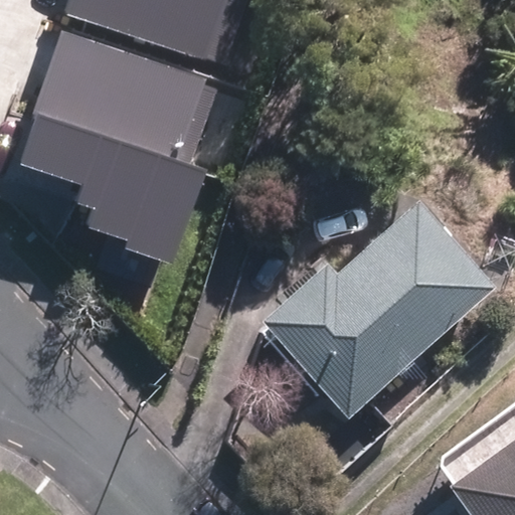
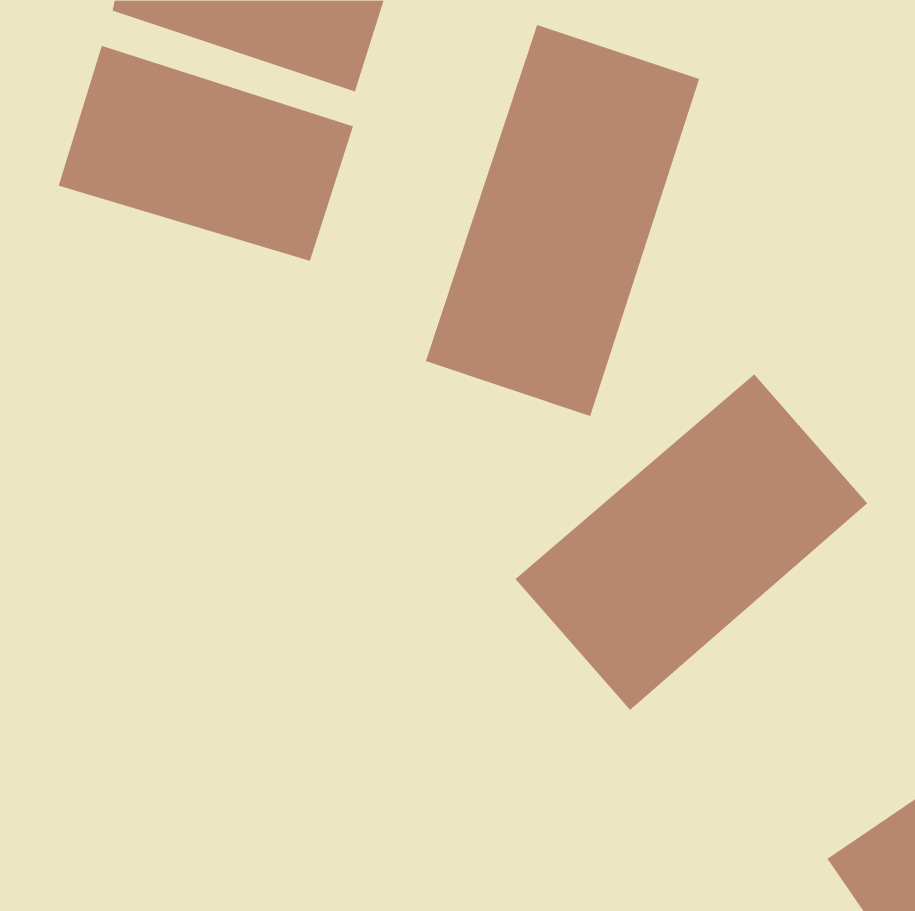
building: none -> [425,24,700,417]
building: [18,110,203,261] -> none

